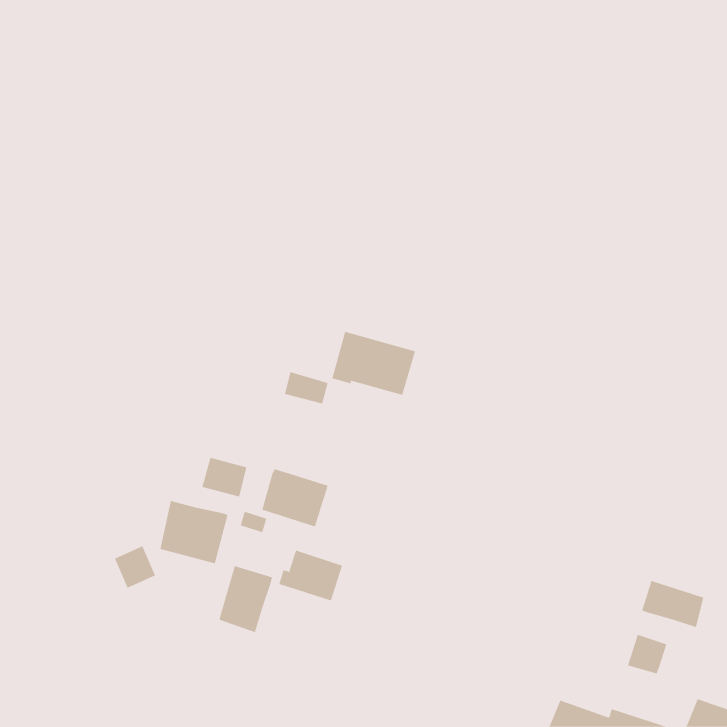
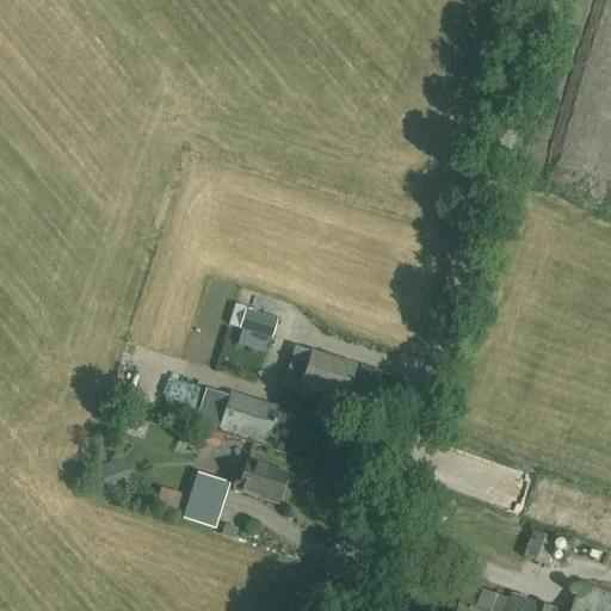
building: [332,331,416,396] -> [285,346,356,400]
building: [160,500,228,564] -> none
building: [641,580,704,628] -> none

